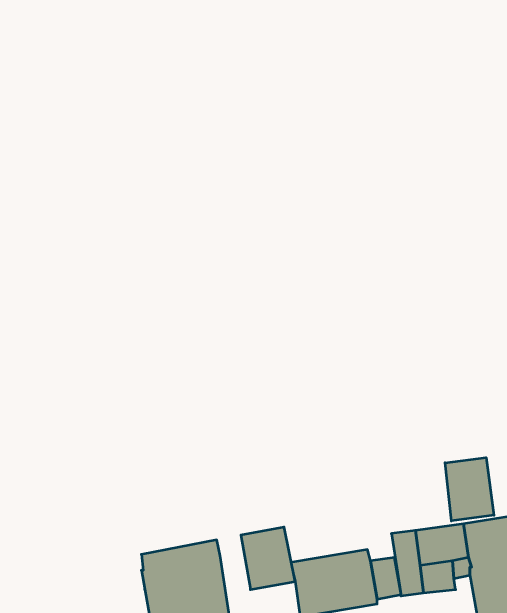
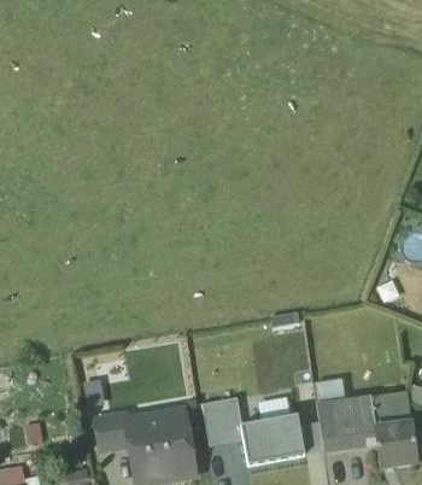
building: [445,458,494,521] -> none
building: none -> [95,413,129,450]

